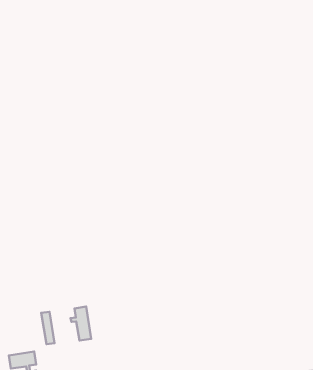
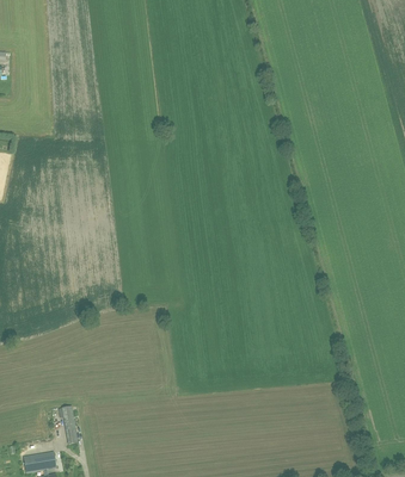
building: [71,307,91,341] -> none

